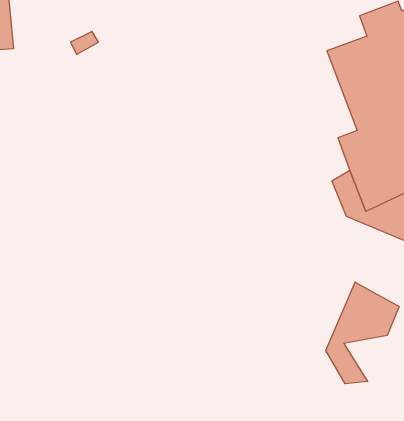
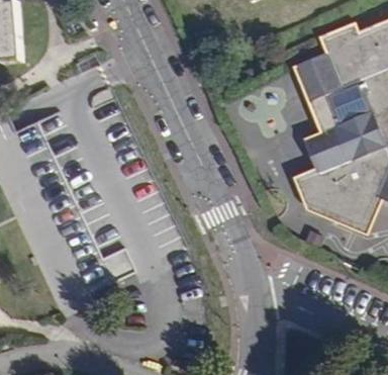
building: [326,282,399,384] -> none

